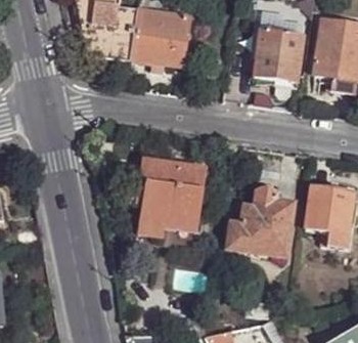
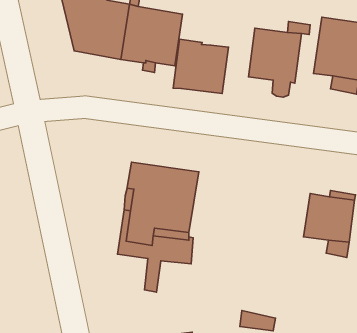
building: none -> [173,39,229,93]
building: [226,186,294,256] -> none

